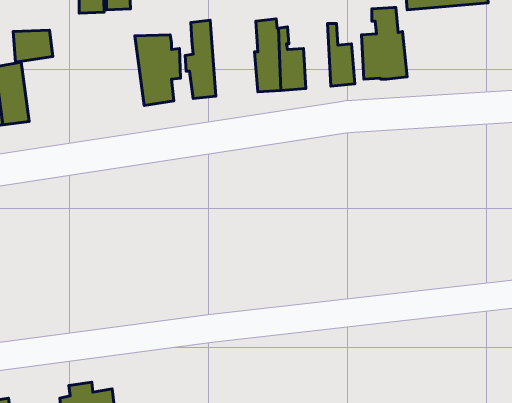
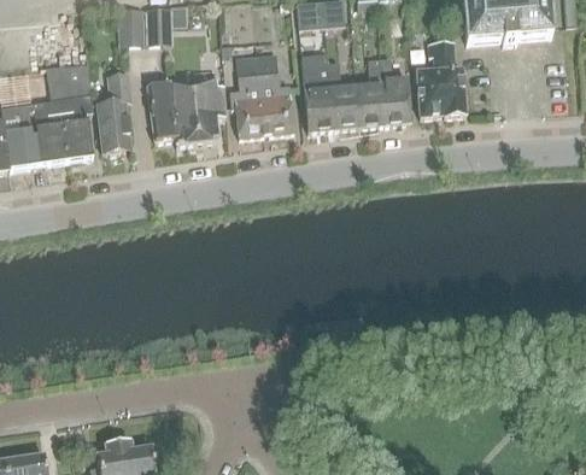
building: none -> [257,53,294,135]
building: none -> [356,58,385,127]
building: none -> [148,71,187,146]
building: none -> [98,72,133,154]
building: none -> [57,94,93,162]

